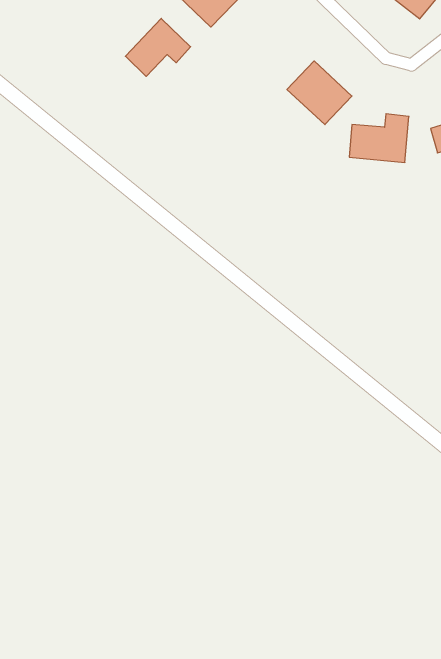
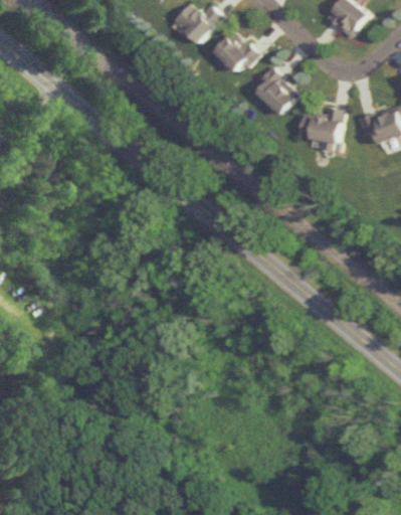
building: none -> [212,30,257,75]
building: [125,18,191,76] -> none

